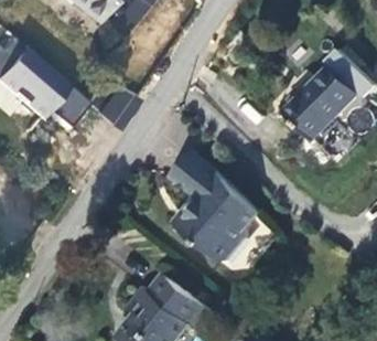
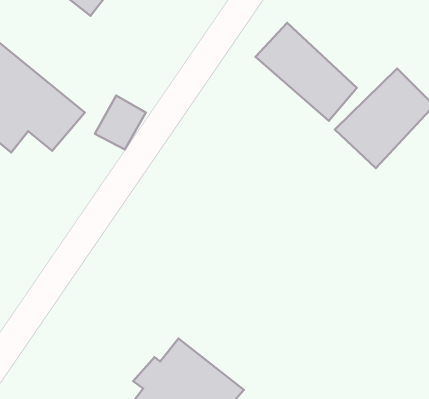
building: none -> [255,23,357,121]
building: [177,152,262,259] -> none

